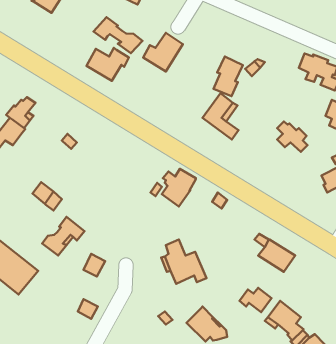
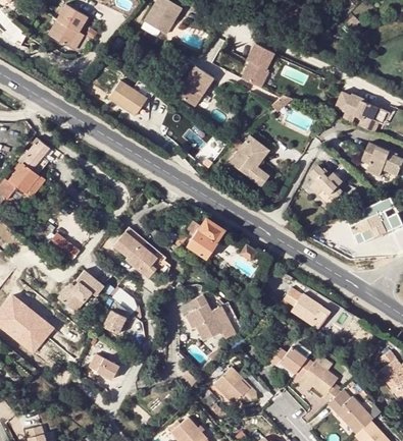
building: [94,17,142,53] -> none
building: [213,57,243,96] -> [239,46,270,89]
building: none -> [112,224,166,268]

